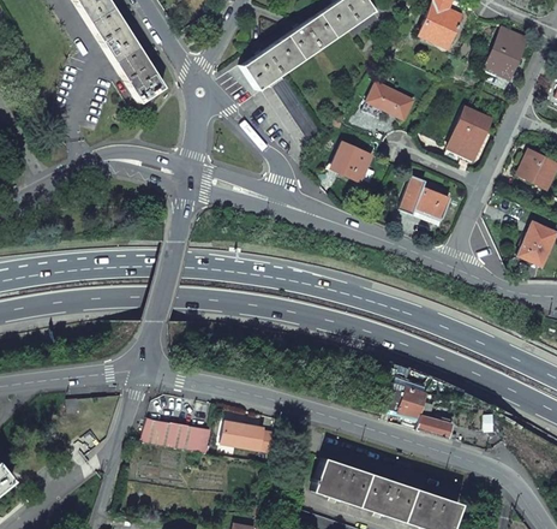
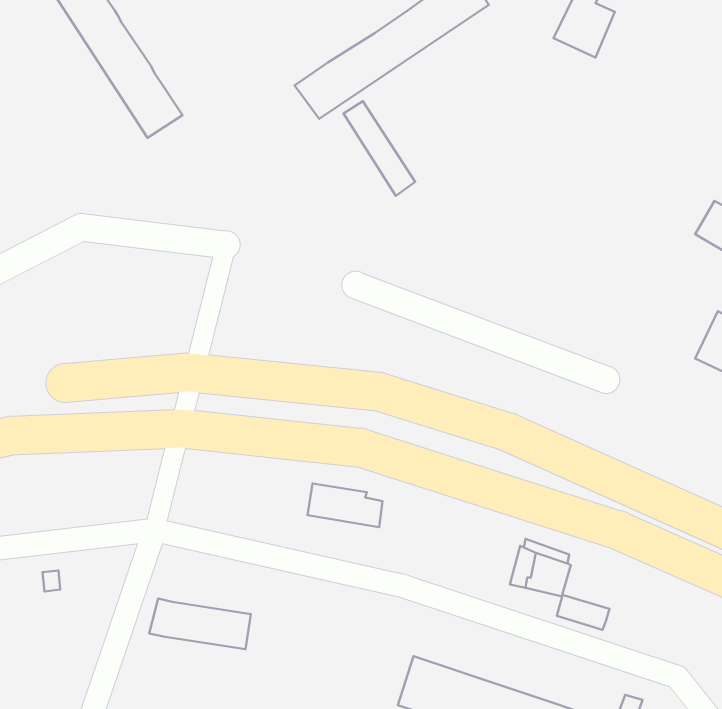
building: [487,29,526,76] -> none
building: [367,83,414,120] -> none
building: [449,108,489,159] -> none
building: [333,143,373,182] -> none
building: [401,176,451,222] -> none
building: [222,422,274,452] -> [307,484,383,527]

